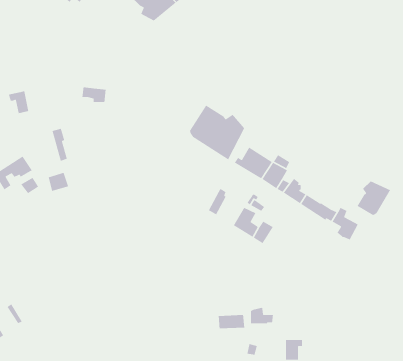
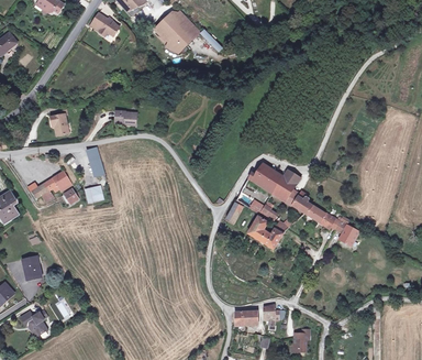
building: [189,104,245,160] -> none
building: [357,180,391,216] -> none

